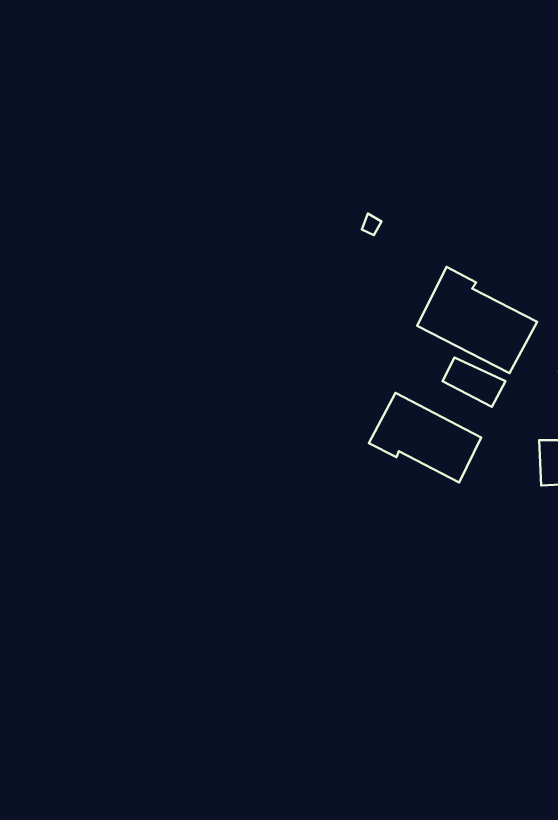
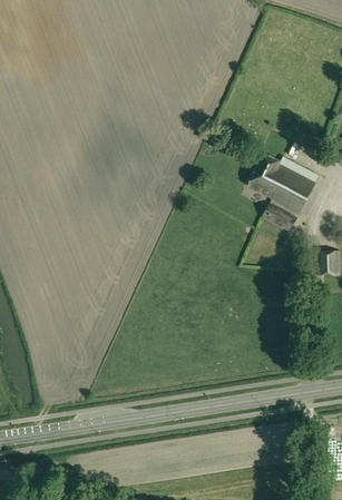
building: [369,393,481,482] -> none

